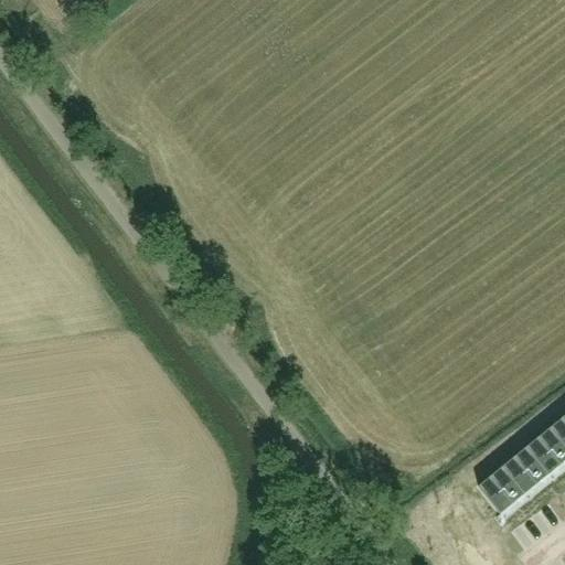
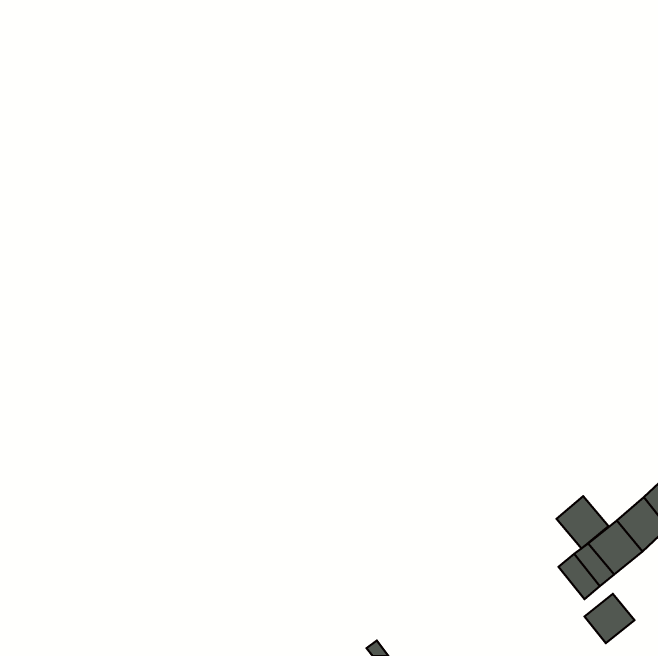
building: none -> [556,496,609,549]
building: none -> [584,594,634,643]

